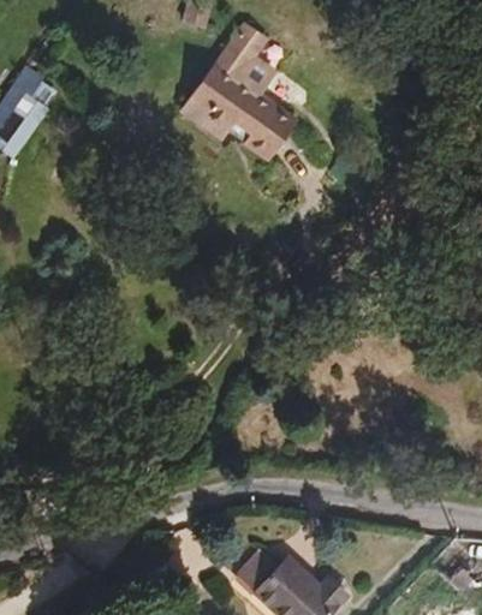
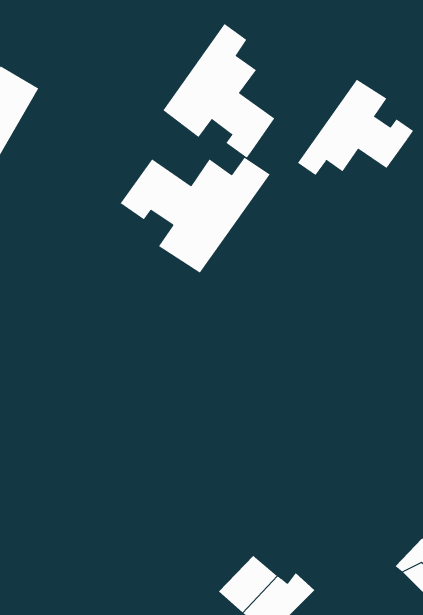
building: none -> [297,79,414,176]
building: none -> [120,157,270,274]

